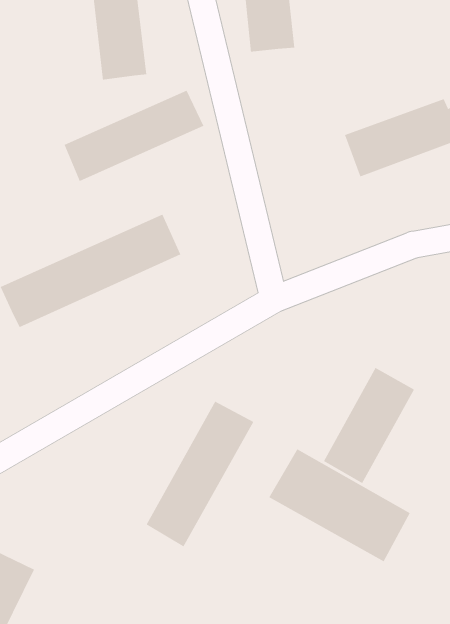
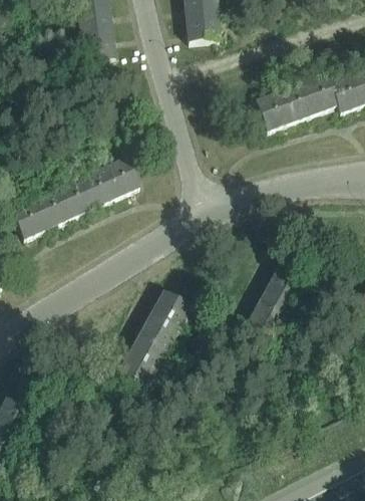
building: [64,90,204,182] -> none
building: [268,448,411,562] -> none

